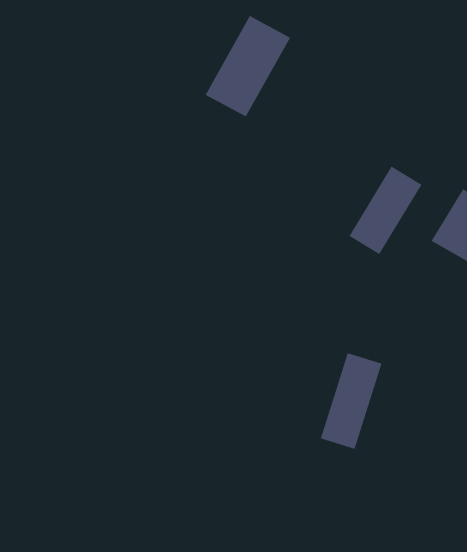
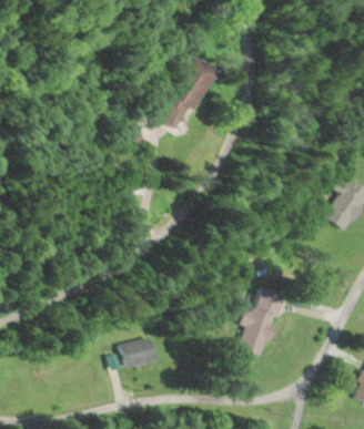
building: [348,166,422,255] -> none
building: none -> [120,337,156,369]

